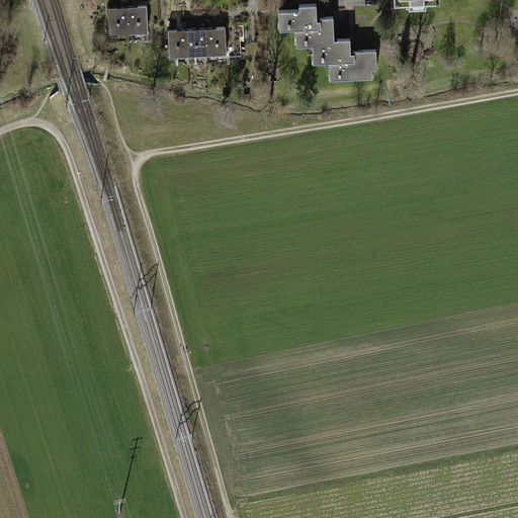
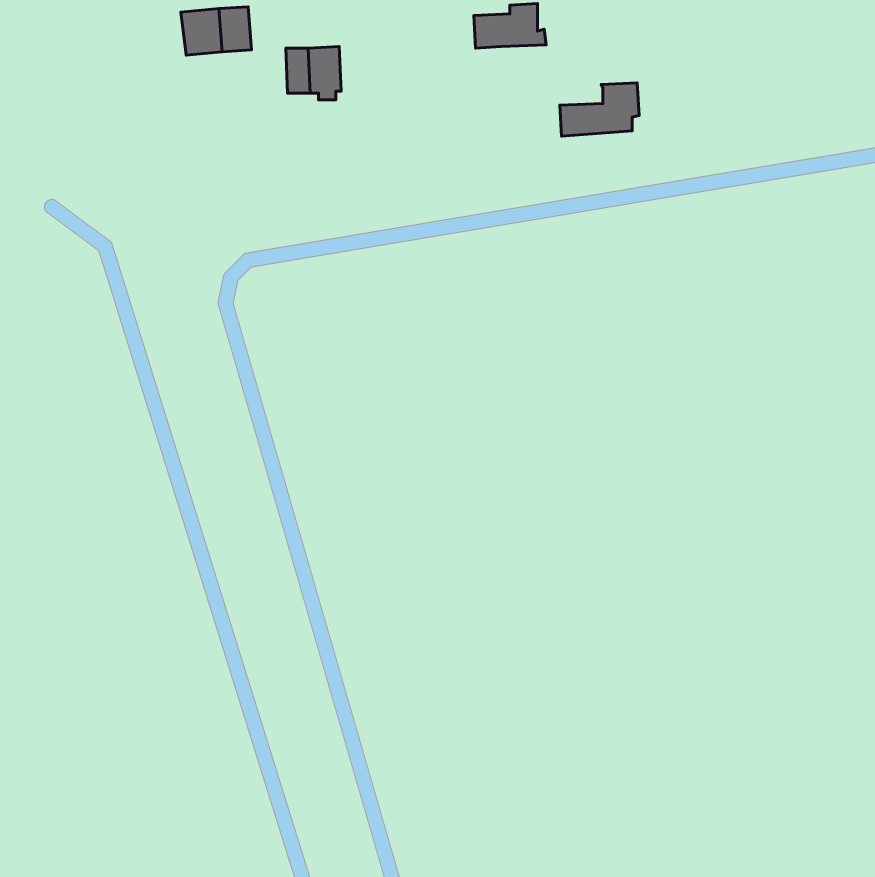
building: [294,17,354,65] -> none
building: [199,27,228,61] -> none

